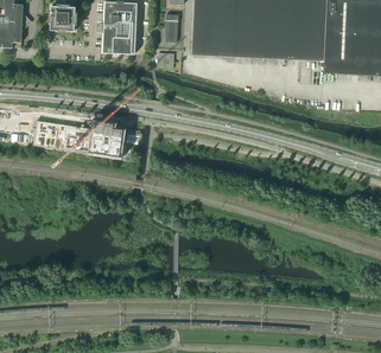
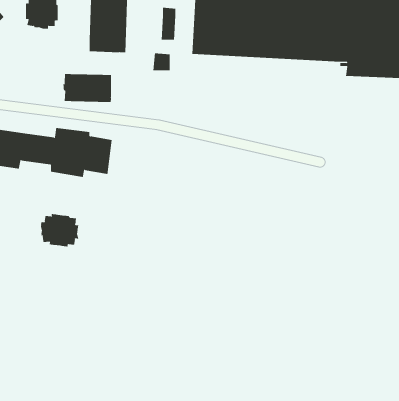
building: none -> [63,73,112,103]
building: none -> [40,213,79,247]

